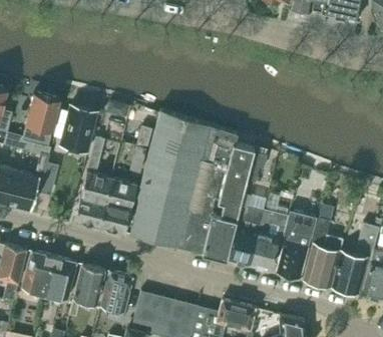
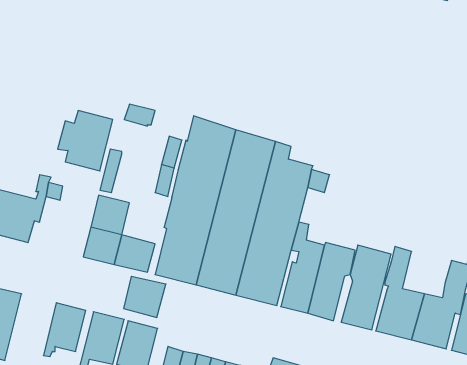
building: [22,92,60,154] -> none
building: [104,179,137,211] -> [124,276,166,317]
building: [22,251,53,298] -> none

